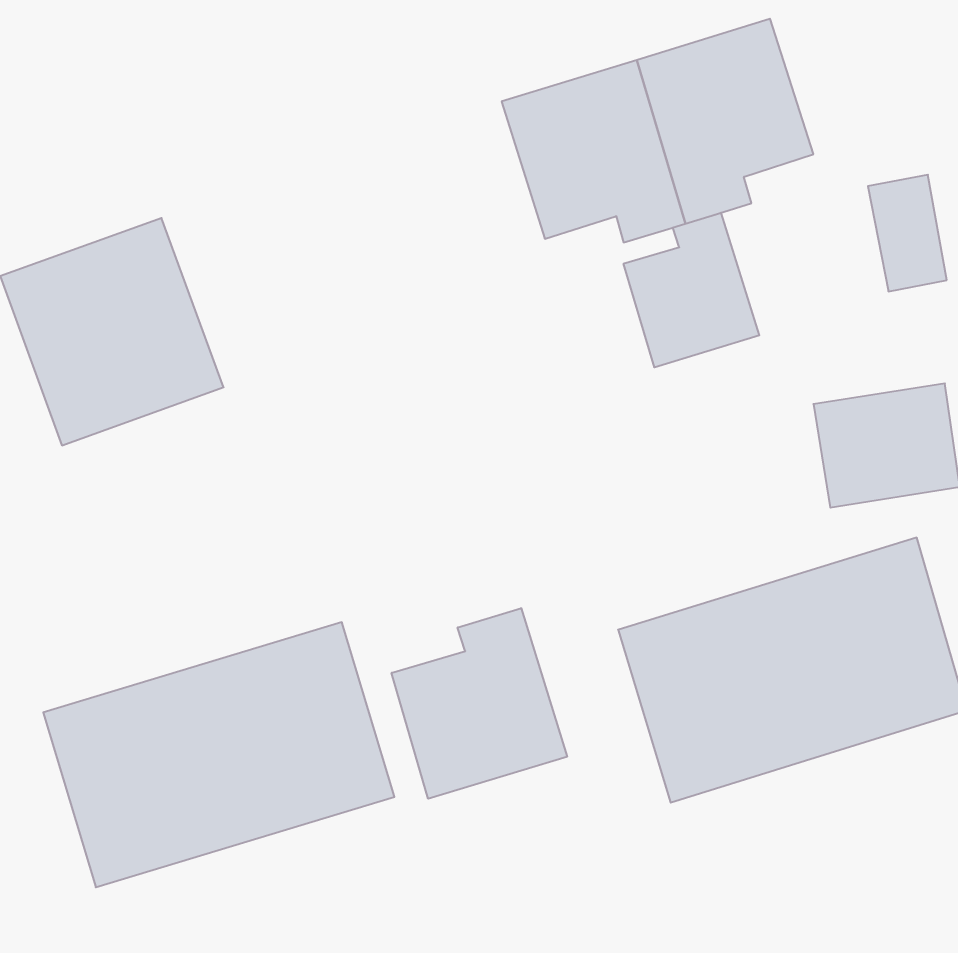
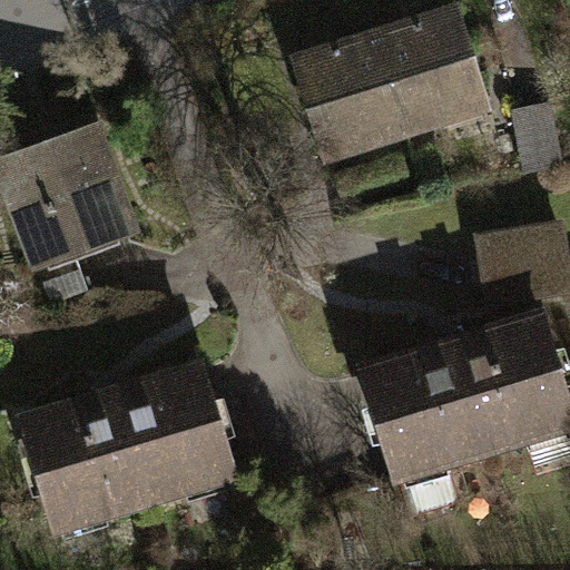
building: [624,213,759,367] -> none
building: [392,608,567,799] -> none

